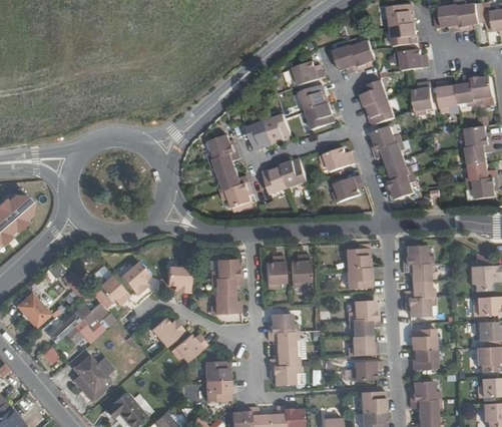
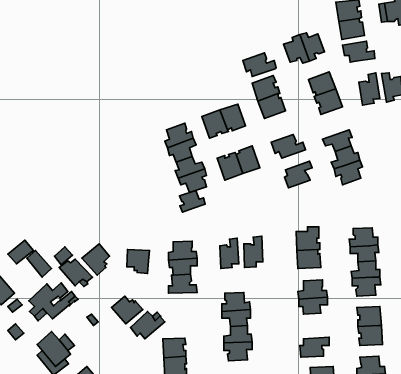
building: [372,125,402,151] -> none
building: none -> [180,190,205,212]
building: [348,335,378,356] -> none

